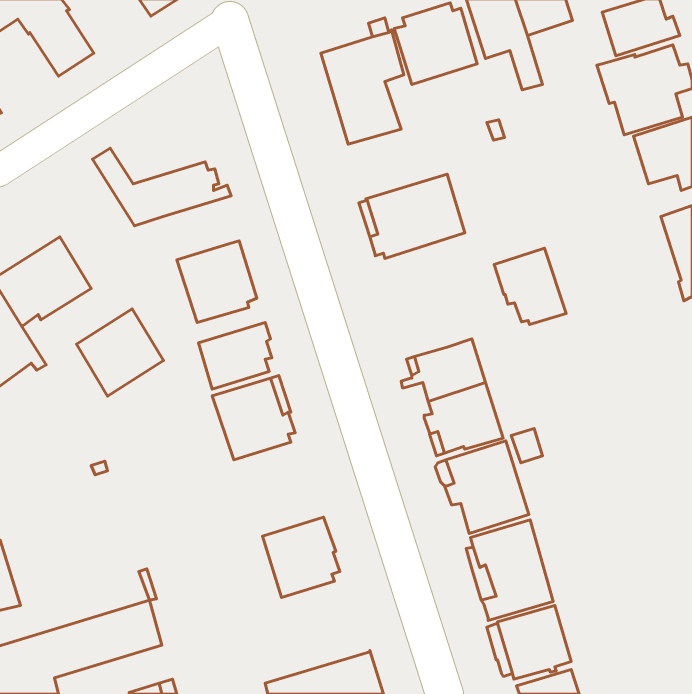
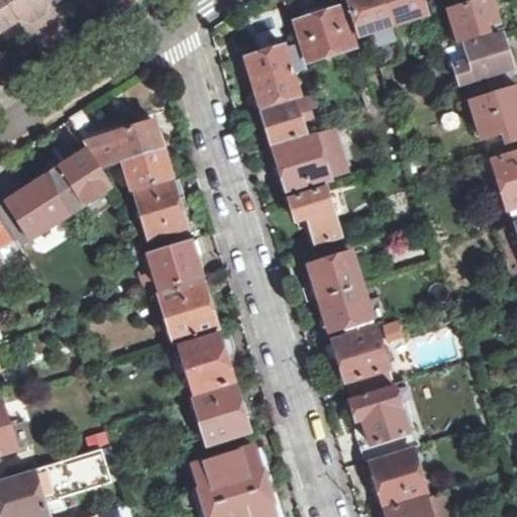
building: none -> [261,95,318,144]
building: none -> [121,145,174,190]
building: [494,248,566,325] -> [288,186,341,242]
building: [76,309,163,396] -> [44,149,109,214]
building: none -> [178,330,236,393]
building: none -> [188,444,275,507]

